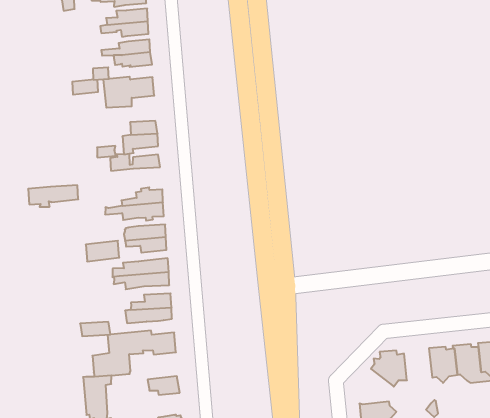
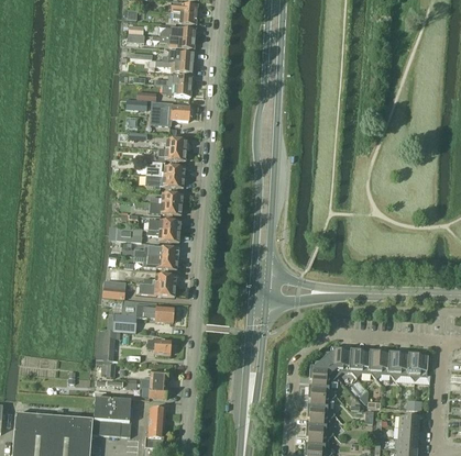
building: [28,185,78,207] -> [144,173,184,189]
building: none -> [348,348,369,377]
building: none -> [308,358,337,386]

